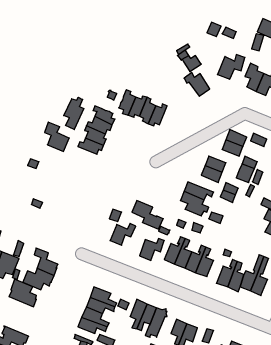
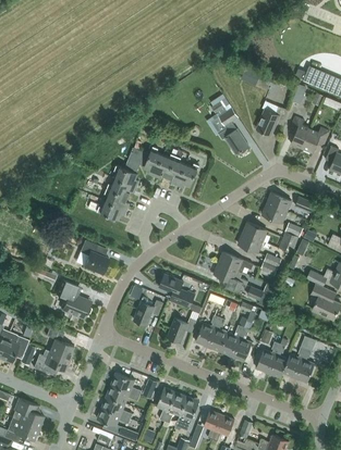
building: [64,97,84,130] -> none
building: [45,122,69,151] -> [81,240,109,274]
building: none -> [57,279,92,320]
building: [9,279,36,307] -> [12,398,44,429]

